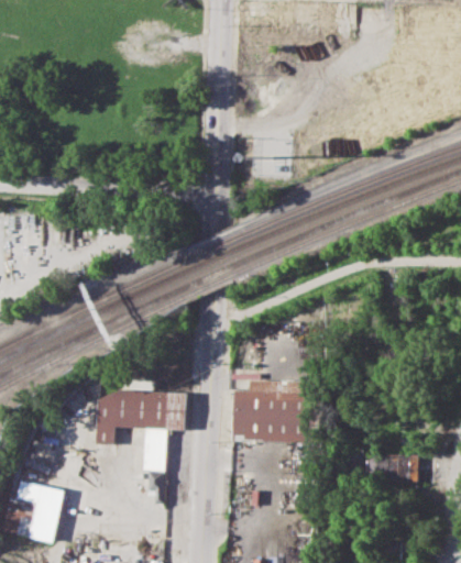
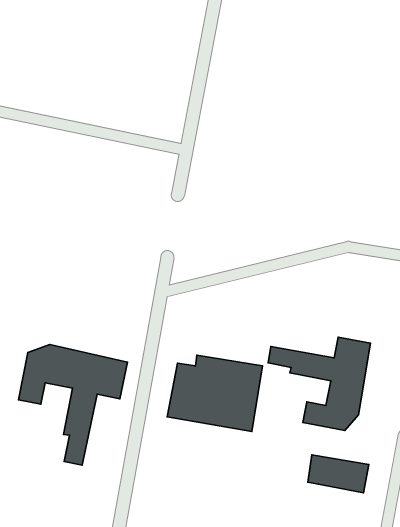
building: none -> [268,337,371,431]

